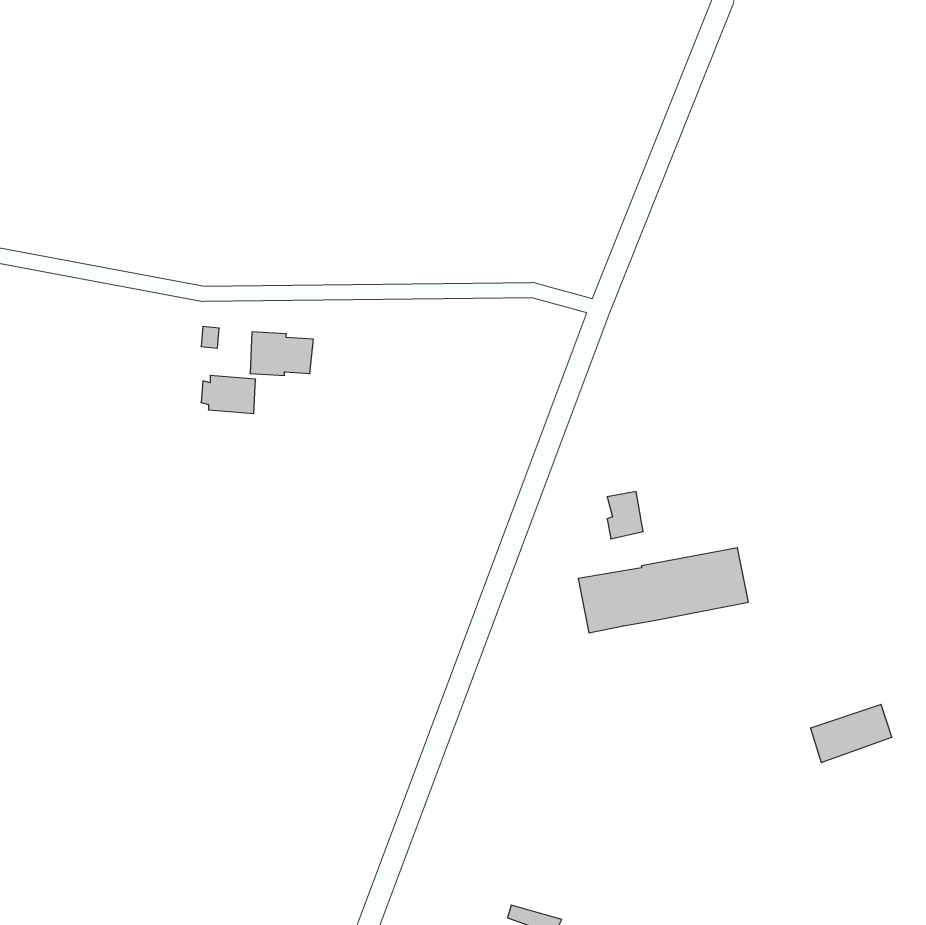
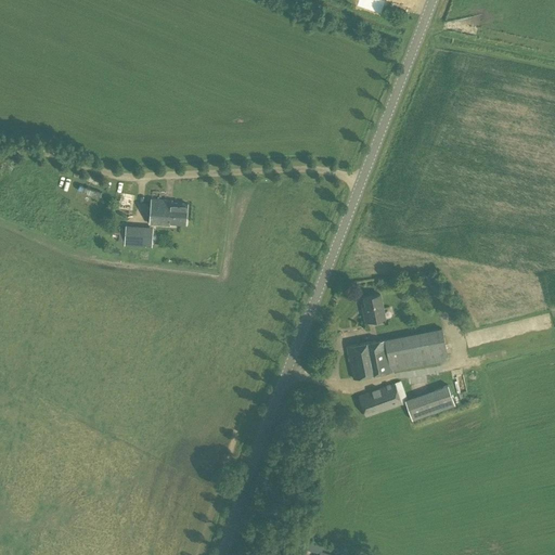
building: none -> [358,384,402,418]
building: [810,704,892,763] -> [405,386,454,421]

